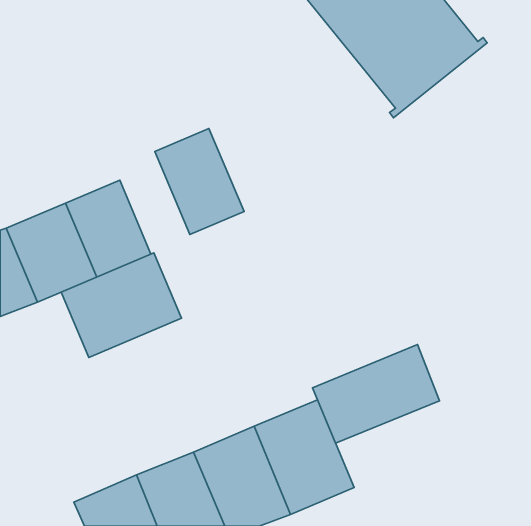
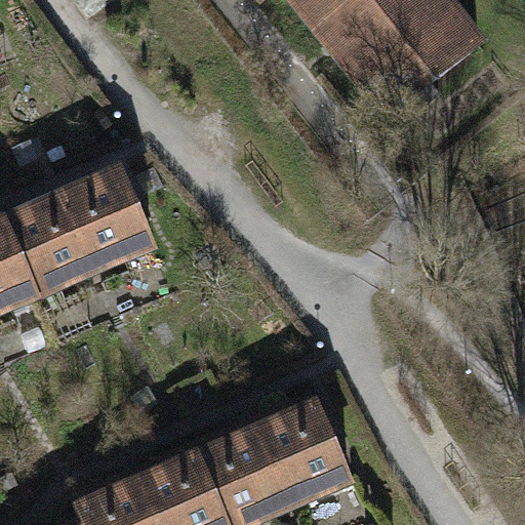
building: [155,128,244,234] -> none
building: [61,253,182,357] -> none
building: [313,345,439,443] -> none

